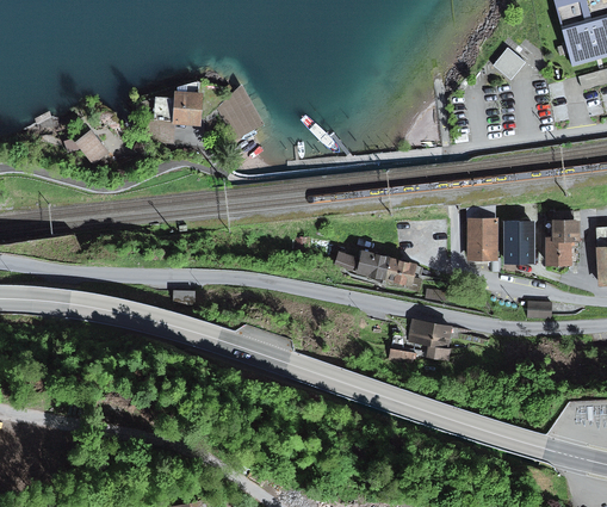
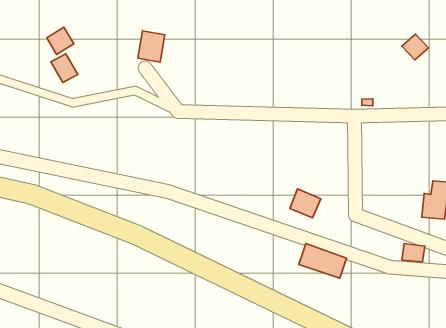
building: none -> [47,27,74,55]
building: [466,218,497,261] -> none
building: [503,221,534,264] -> none
building: [333,246,391,278] -> none

